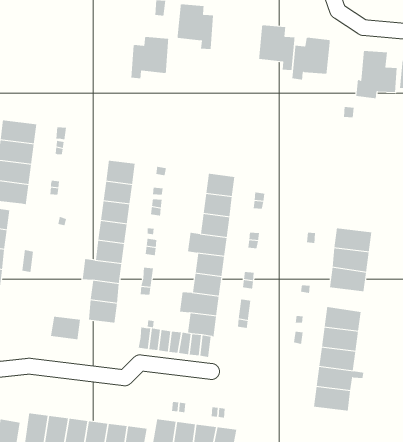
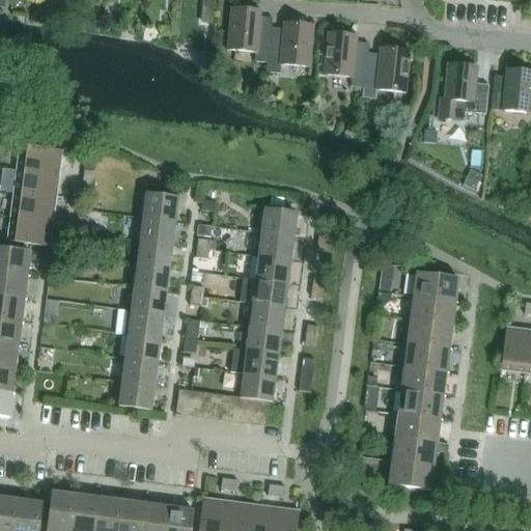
building: [130,31,169,79] -> [268,16,313,72]
building: none -> [404,342,449,371]
building: [50,316,81,340] -> [118,381,155,409]

